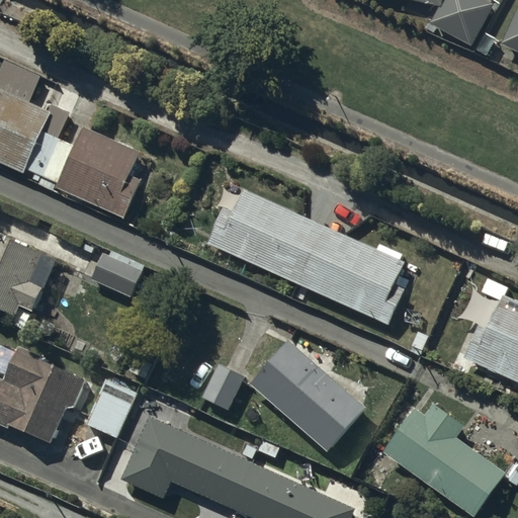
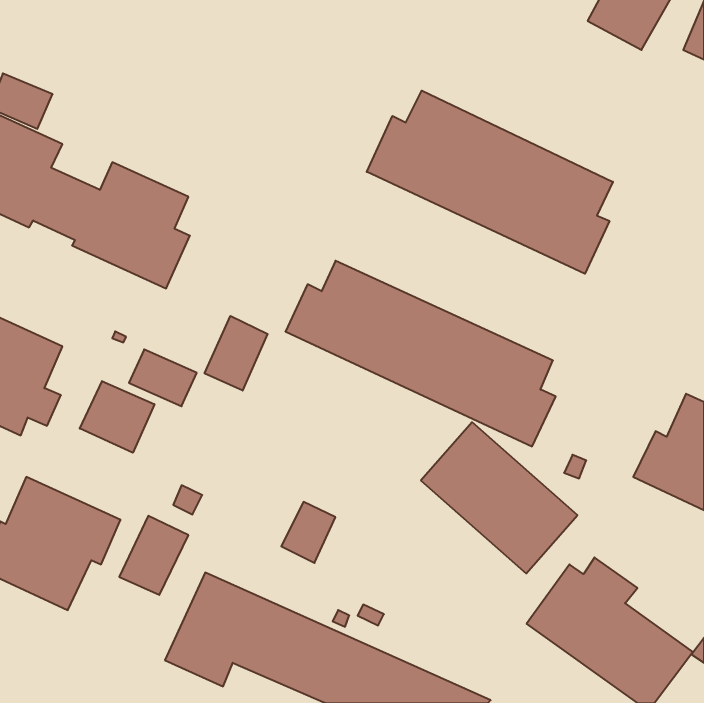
building: none -> [367,91,613,274]
building: none -> [205,316,268,391]
building: none -> [80,381,154,453]
building: [253,344,367,454] -> [421,422,577,573]

